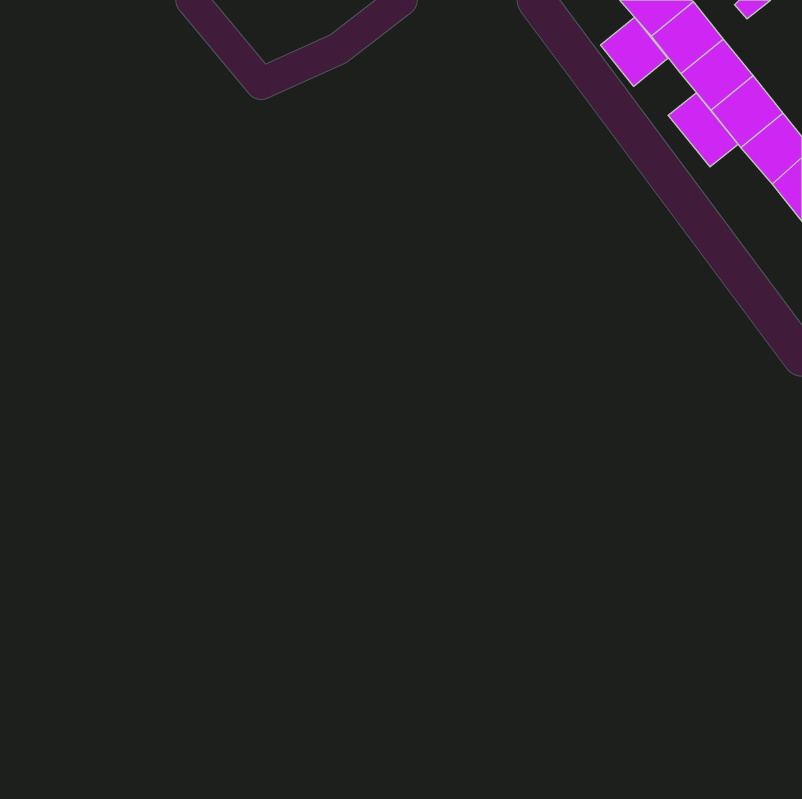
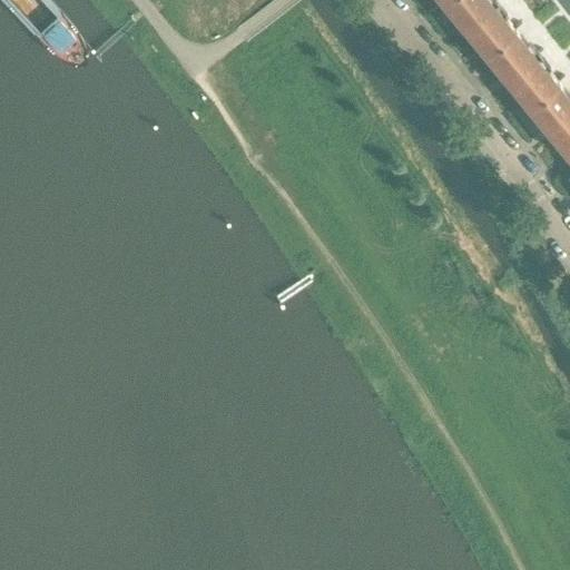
building: [601,17,668,86] -> none
building: [668,93,738,167] -> none

